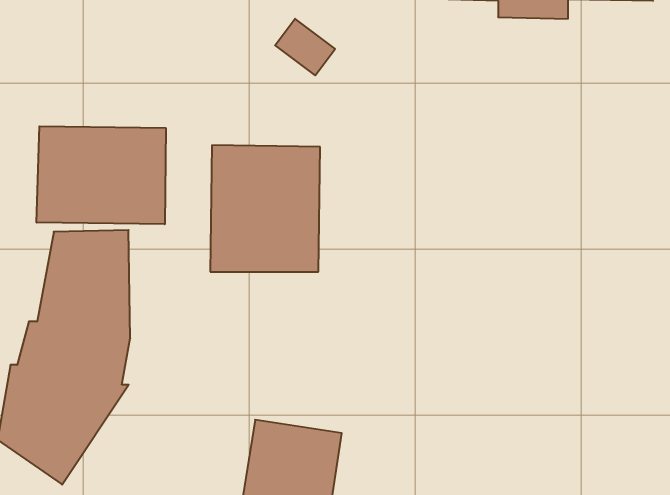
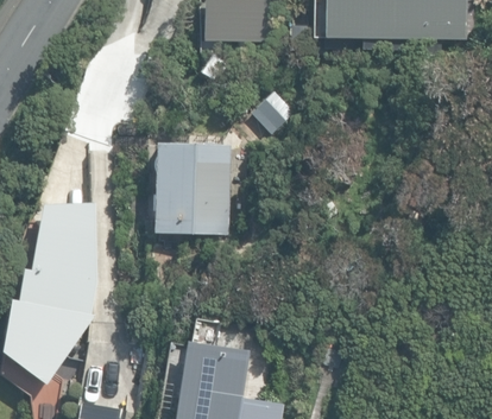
building: [37,126,166,224] -> none

